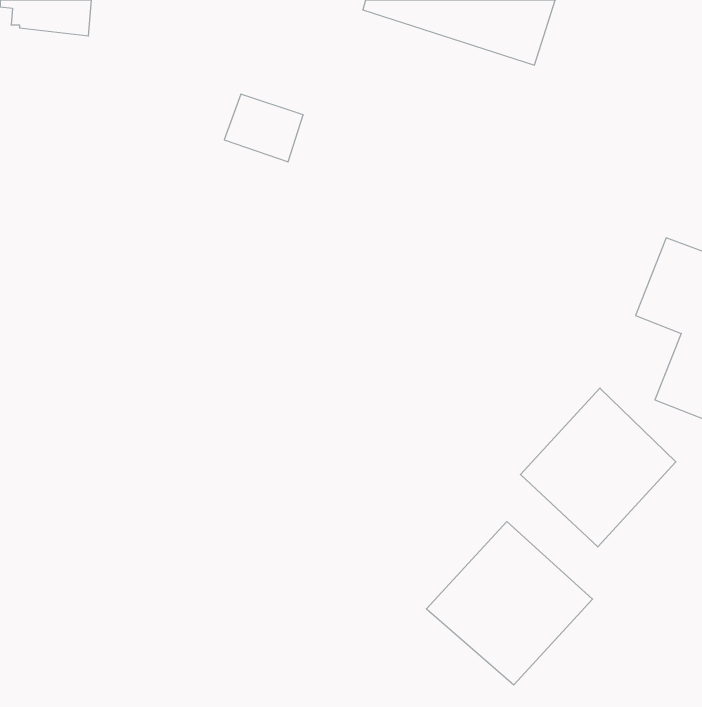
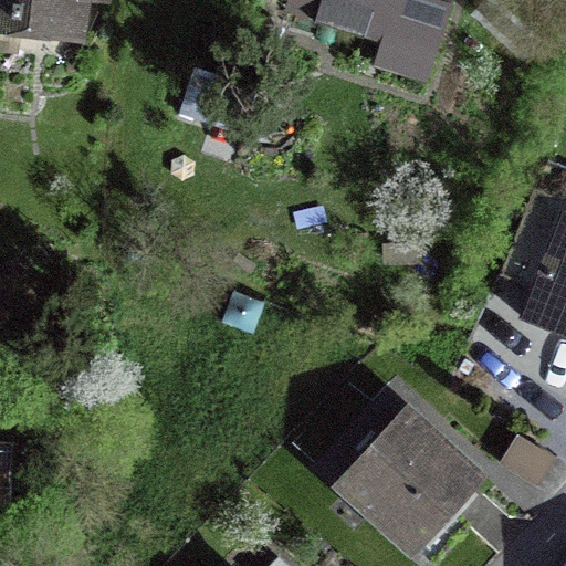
building: [520,388,676,547] -> none

